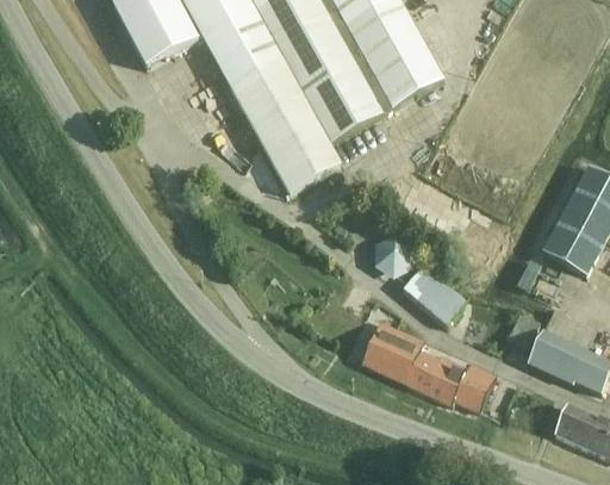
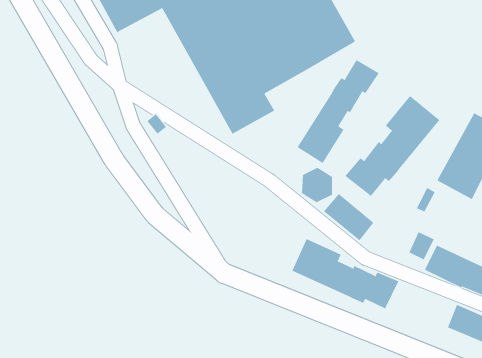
building: none -> [297,59,379,164]
building: none -> [345,95,440,197]

